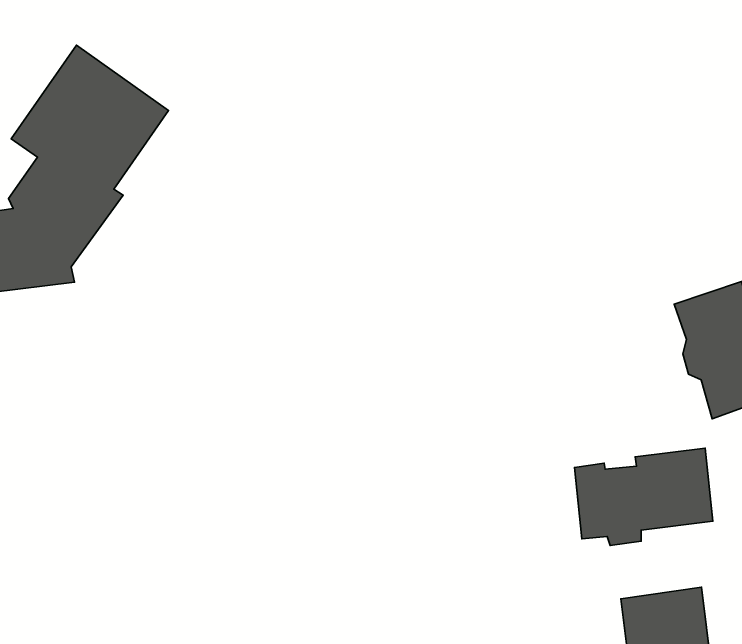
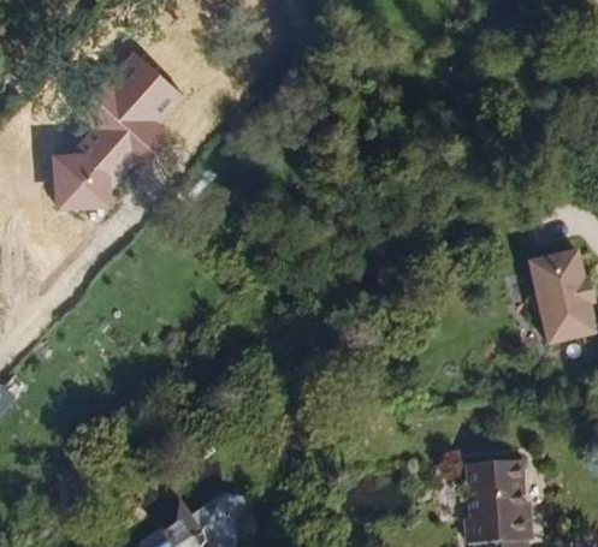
building: [574,448,713,546] -> none

